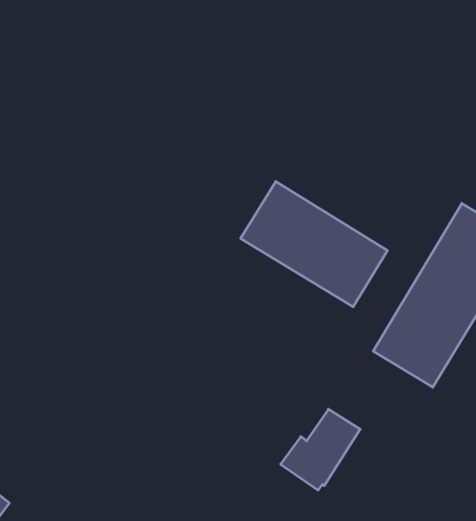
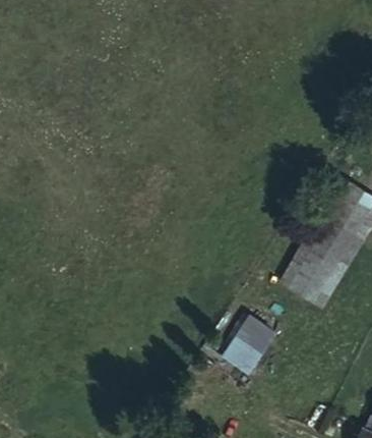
building: [241,181,387,307] -> none

